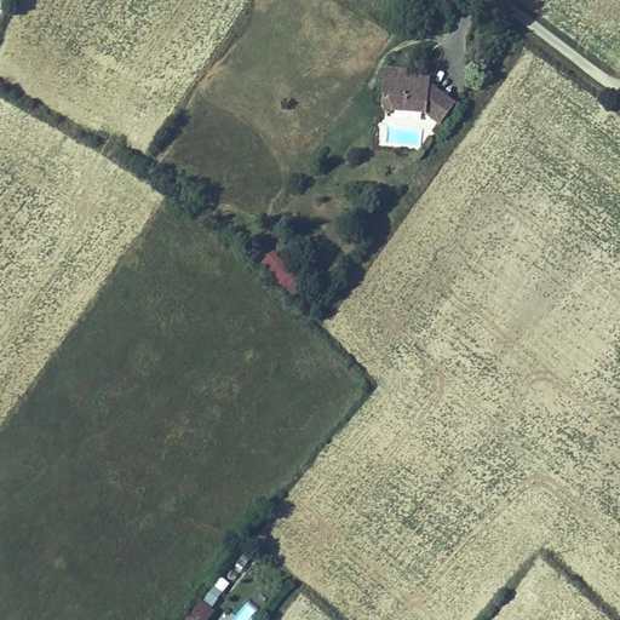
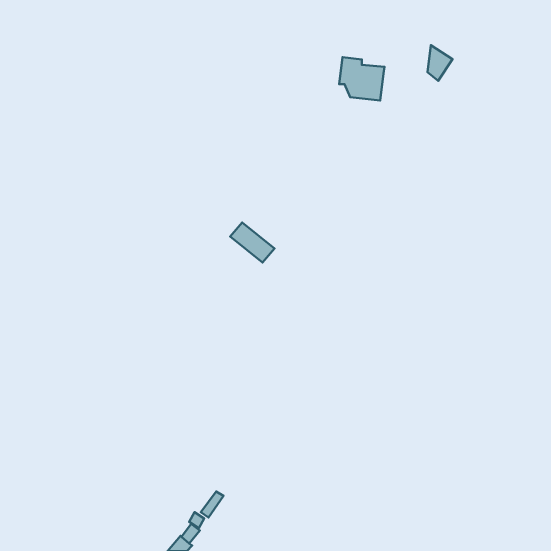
building: [426,82,454,122] -> [427,45,452,81]

